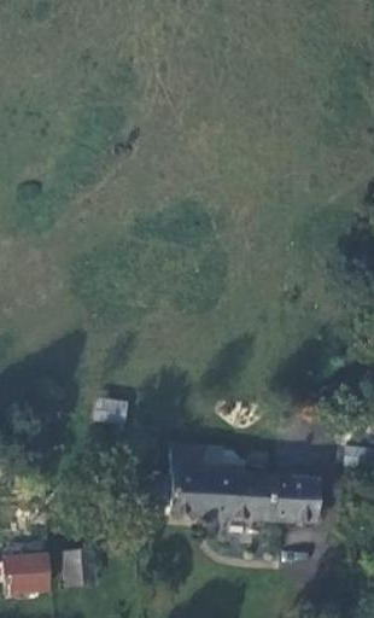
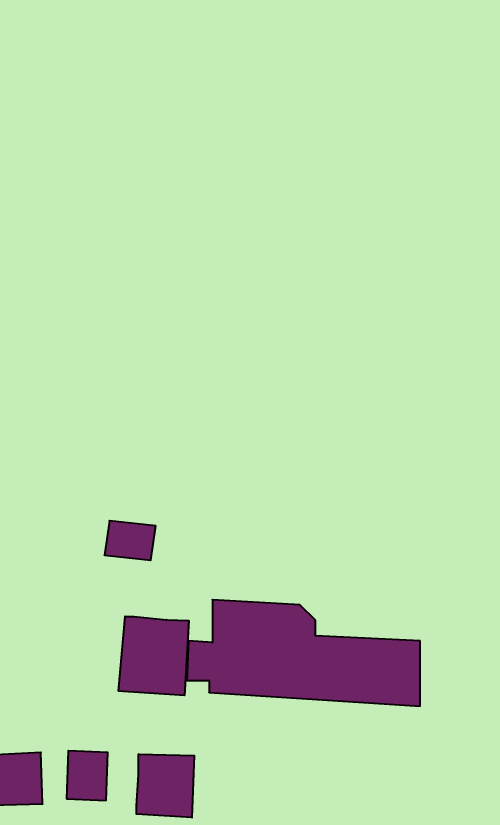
building: none -> [119,616,189,695]
building: none -> [136,754,194,818]

